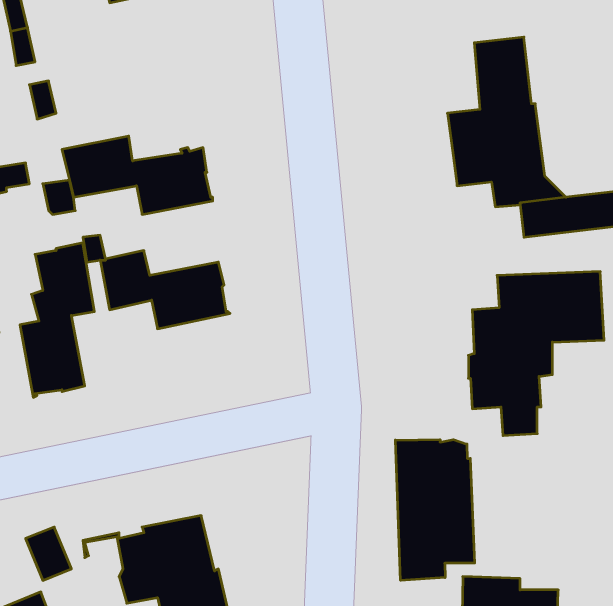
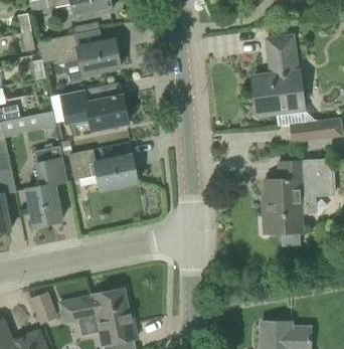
building: none -> [52,34,121,74]
building: [395,440,475,580] -> none

